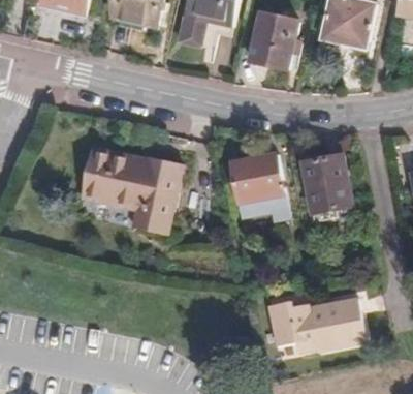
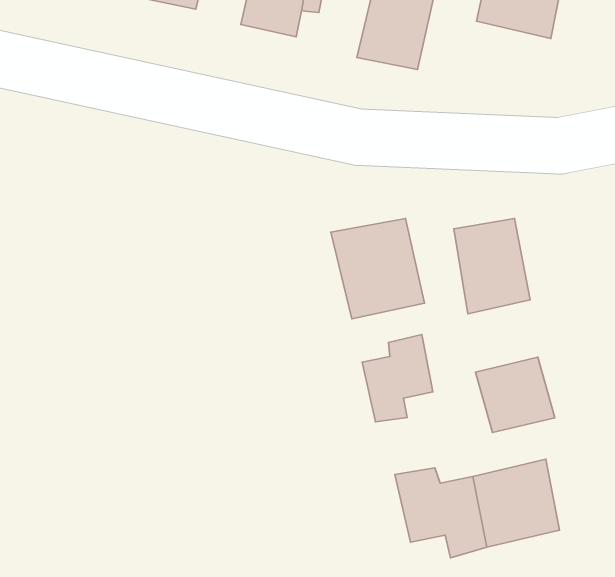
building: [74,144,178,231] -> none
building: none -> [362,334,433,422]
building: none -> [475,357,555,433]

